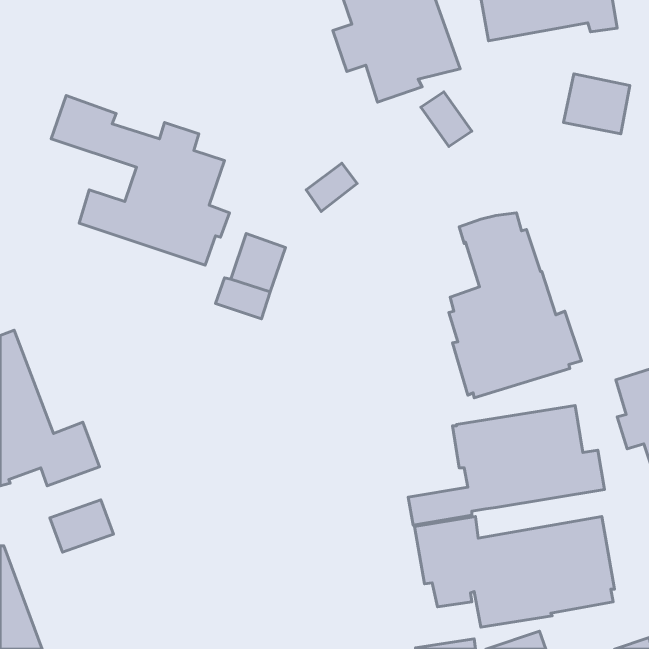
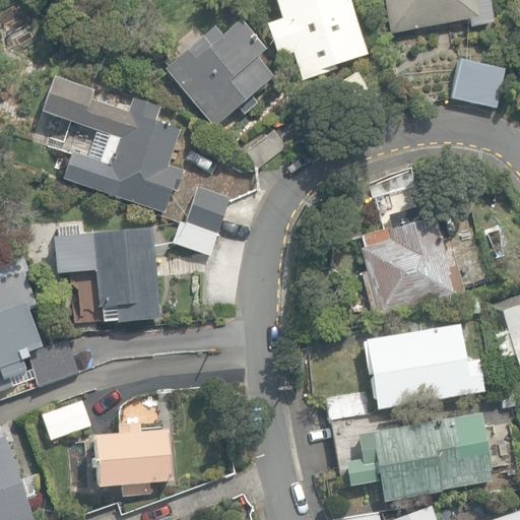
building: none -> [166,19,274,126]
building: none -> [54,224,162,321]
building: none -> [94,421,172,495]

